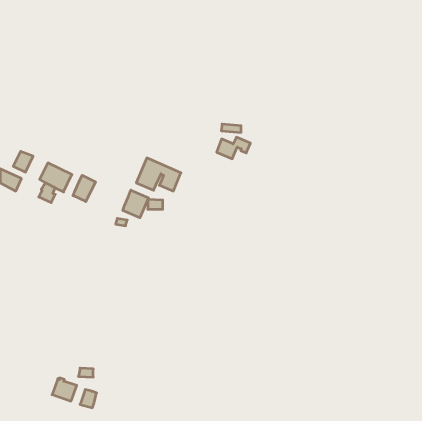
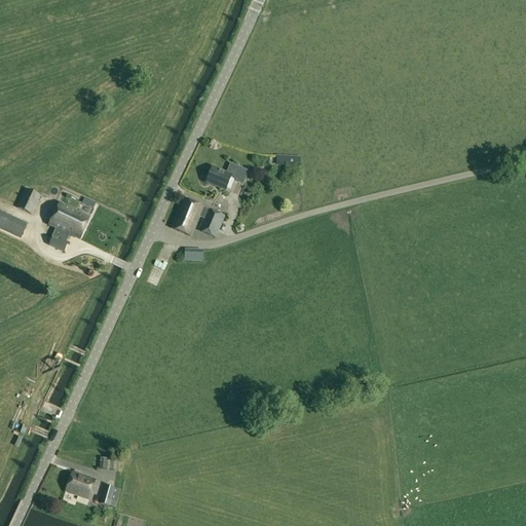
building: [217,137,250,159] -> [205,163,248,190]
building: [73,175,95,202] -> none
building: [123,190,148,218] -> none

